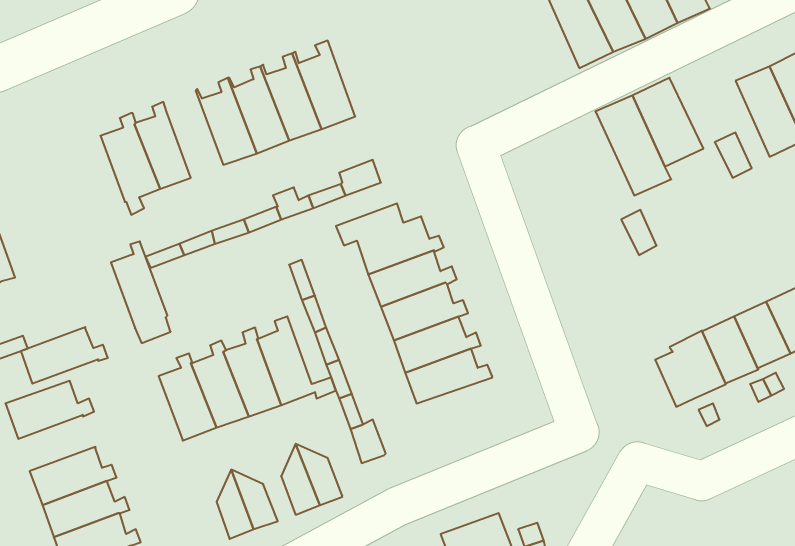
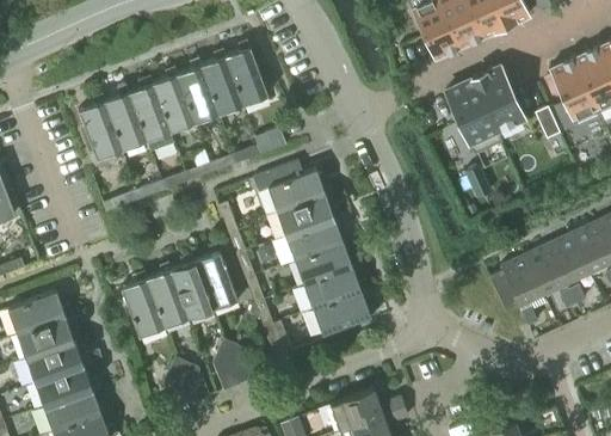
building: [111,241,171,343] -> [128,78,172,153]
building: [21,327,108,384] -> [18,318,82,360]
building: none -> [313,293,378,336]

